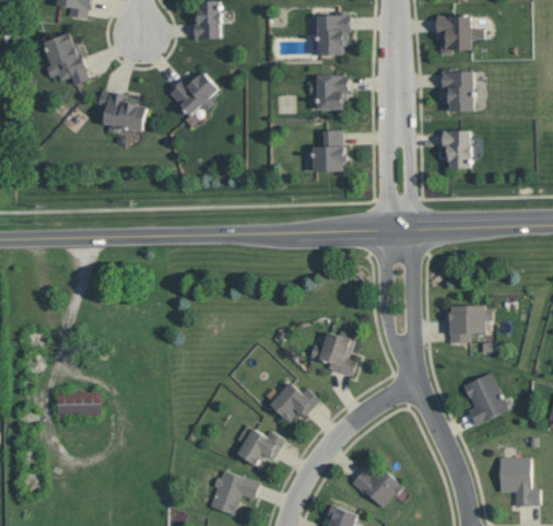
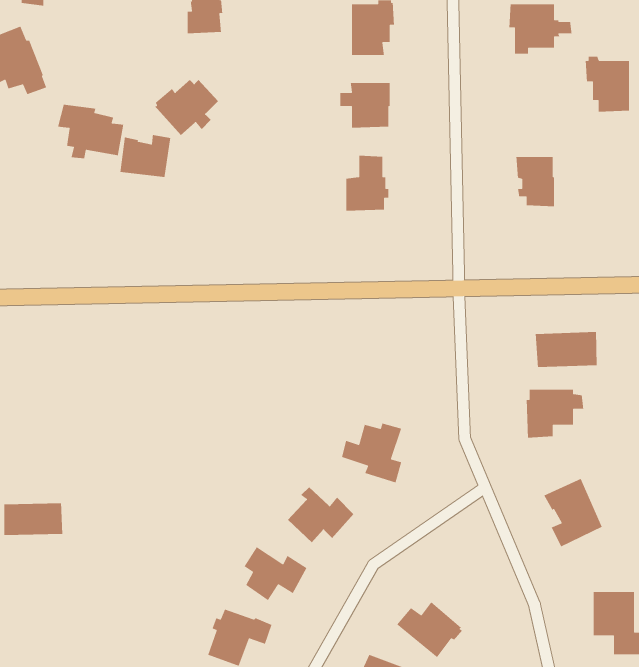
building: [439,69,473,112] -> [585,56,630,113]
building: none -> [119,134,171,178]
building: none -> [535,331,597,368]

